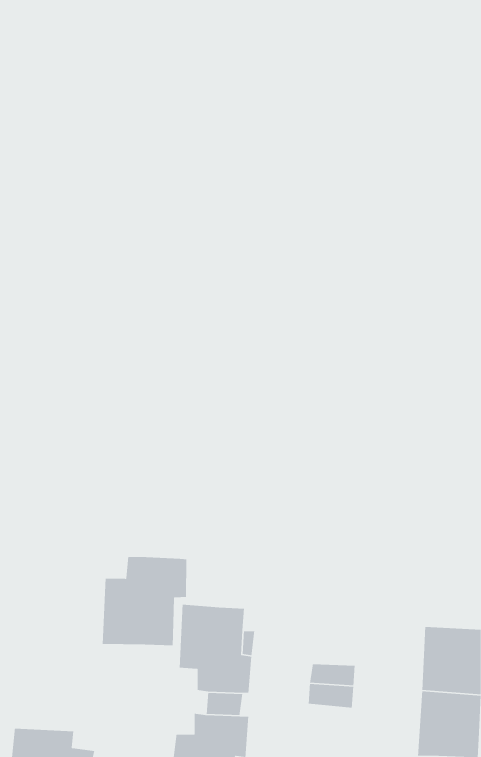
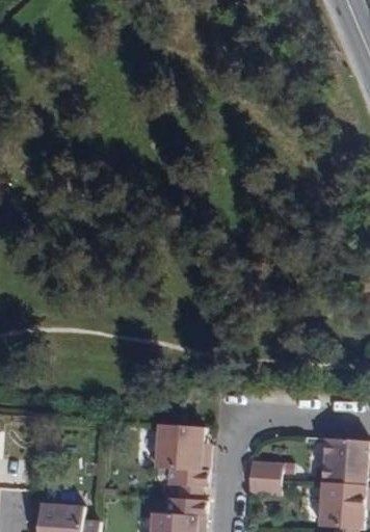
building: [102,556,187,646] -> none

